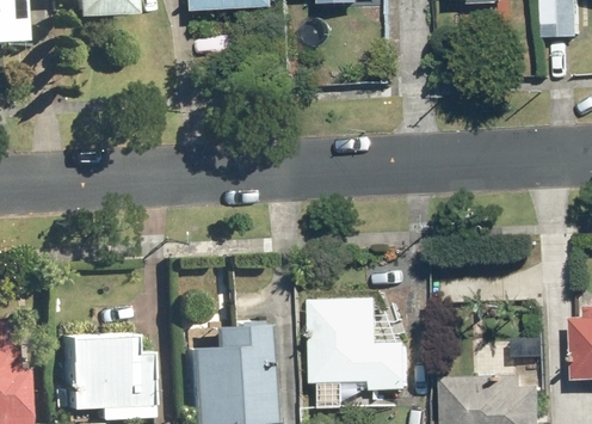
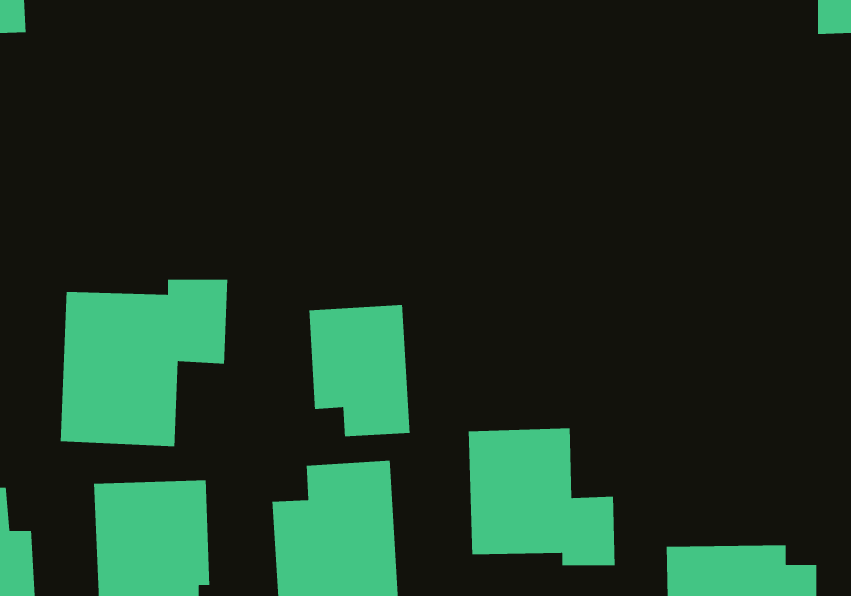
building: none -> [60,279,228,447]
building: none -> [308,304,411,437]

